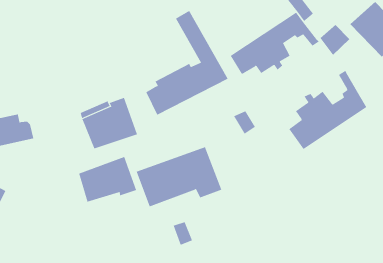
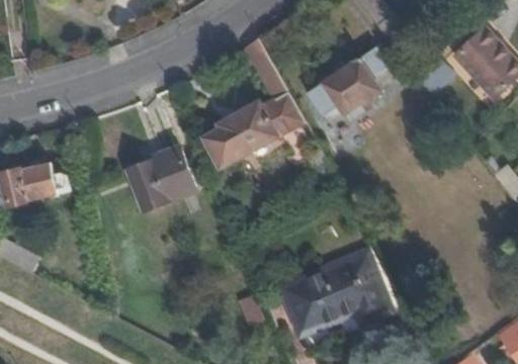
building: [288,70,367,150] -> none
building: [136,147,222,207] -> [284,259,390,333]
building: [78,156,137,202] -> none

